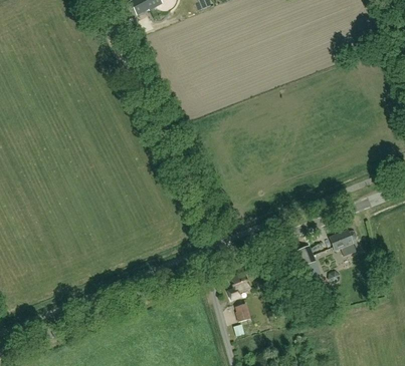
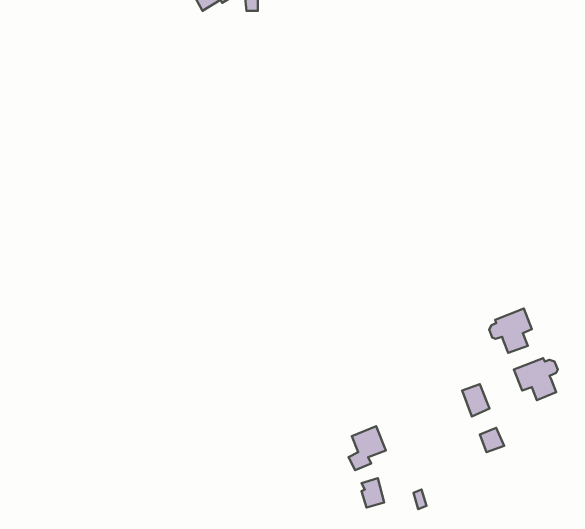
building: none -> [489,309,532,353]

